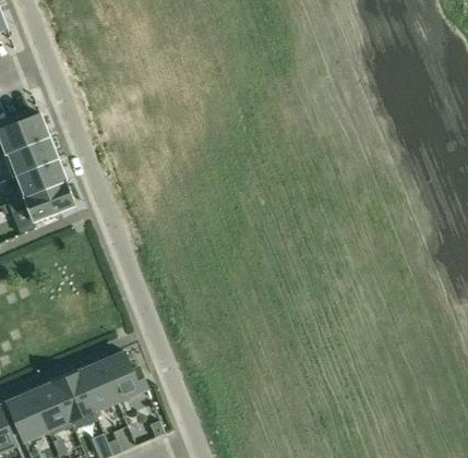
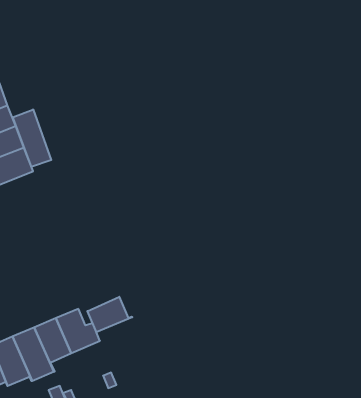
building: none -> [13,109,51,167]
building: none -> [87,297,132,332]

